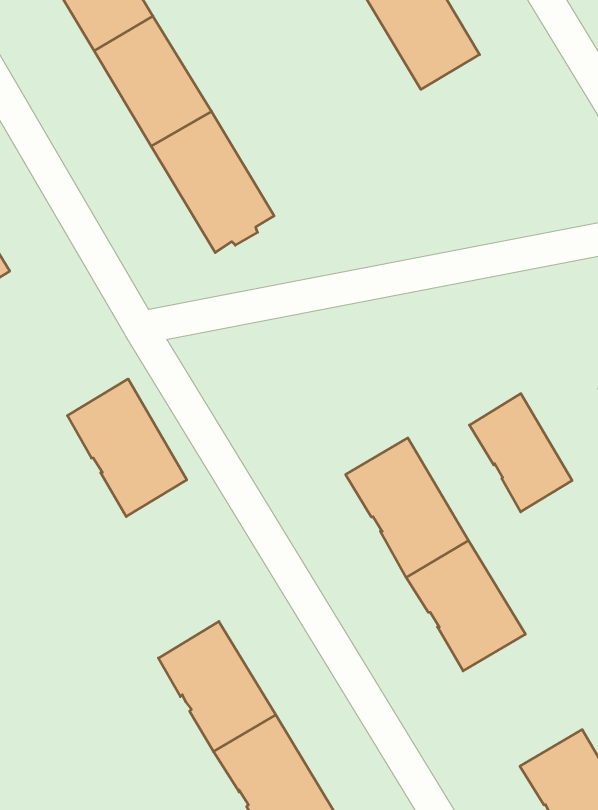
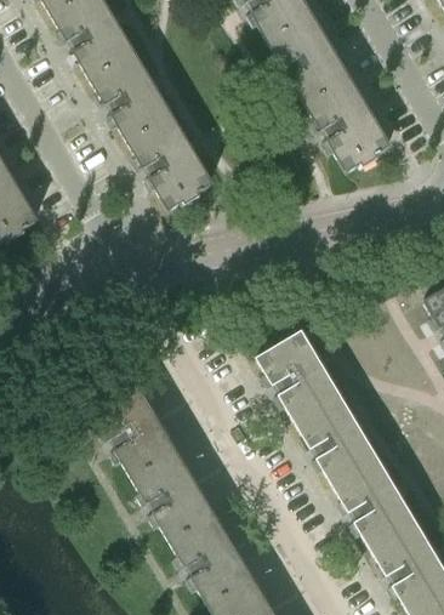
building: none -> [308,78,389,171]
building: [67,379,187,517] -> [96,386,175,477]
building: [469,394,572,512] -> none
building: none -> [336,461,415,548]

